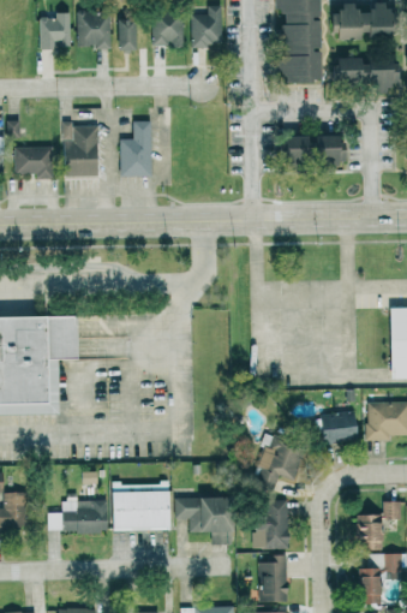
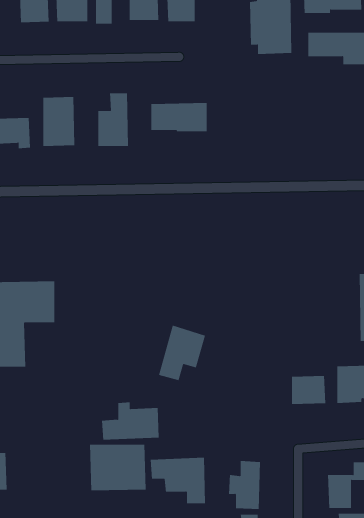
building: [285,135,343,165] -> [150,103,208,132]
building: [253,435,303,493] -> [158,325,206,381]
building: [49,494,109,534] -> [101,402,160,440]

